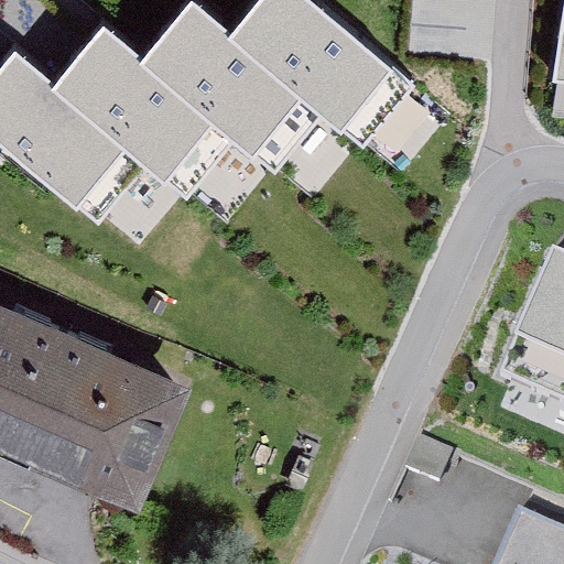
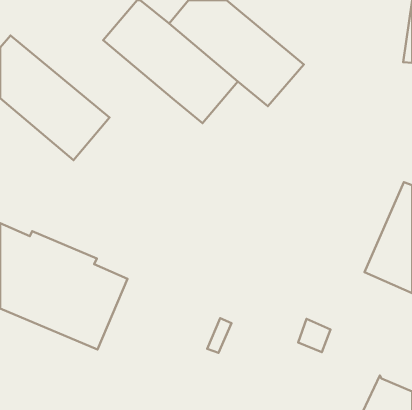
building: [54,26,238,197] -> none

